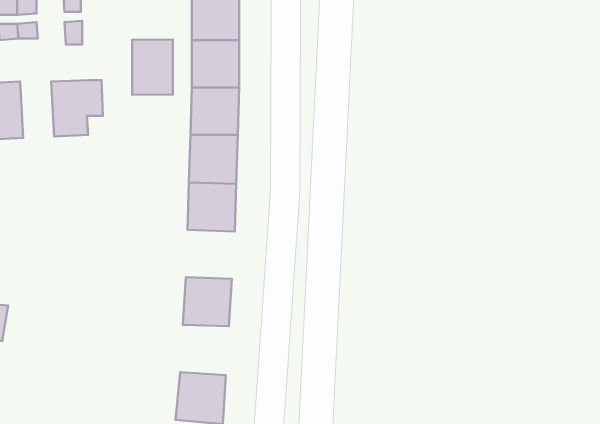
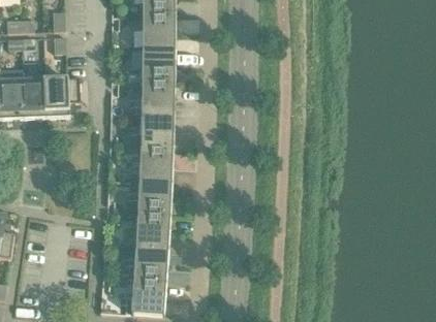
building: [132,40,173,95] -> none
building: none -> [22,76,45,116]
building: none -> [137,180,172,214]
building: none -> [133,246,167,281]

